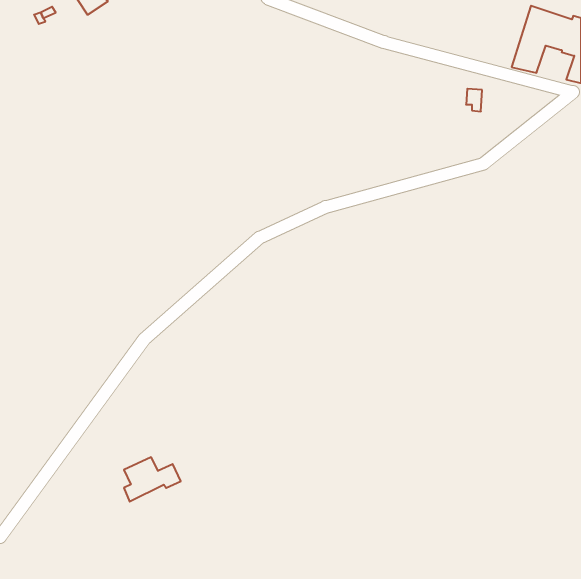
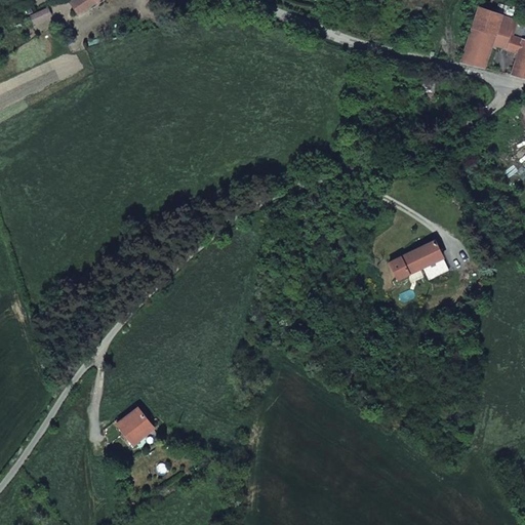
building: none -> [388,243,440,284]

